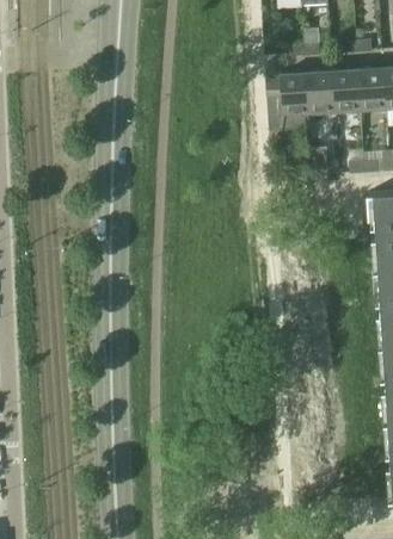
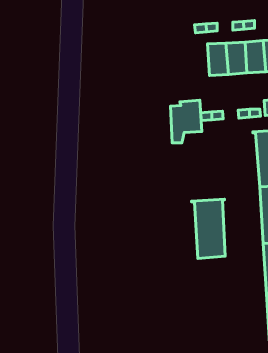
building: [265,72,308,130] -> [170,100,202,143]
building: none -> [192,199,225,258]

